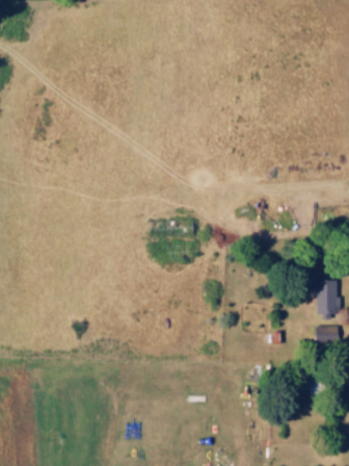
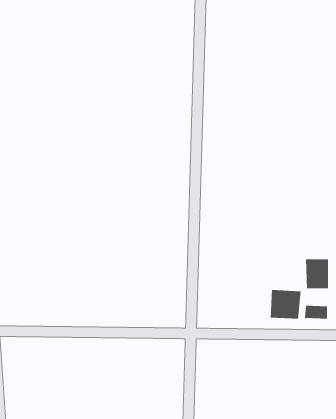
building: none -> [270,289,301,320]

